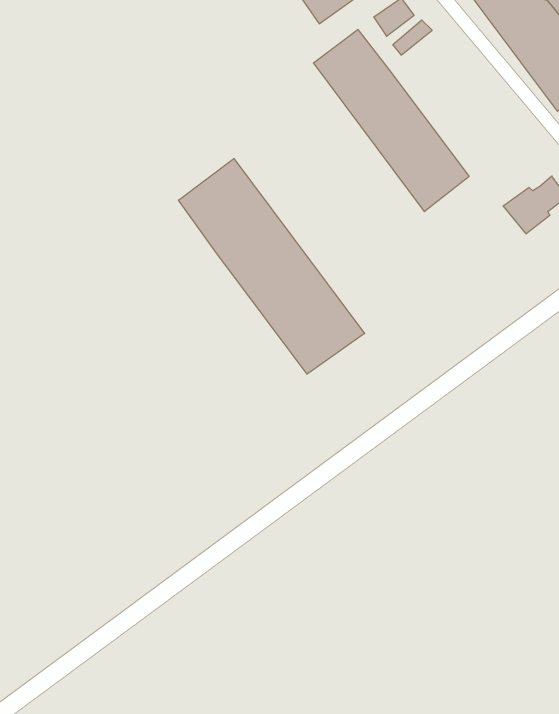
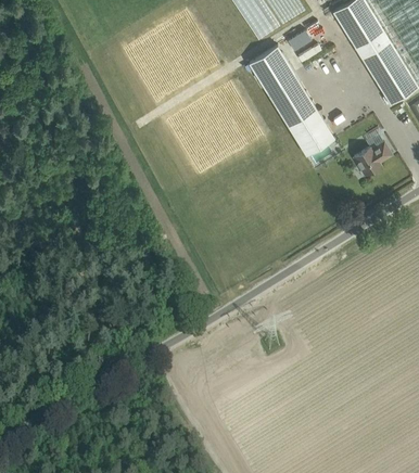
building: [178,159,365,374] -> none

